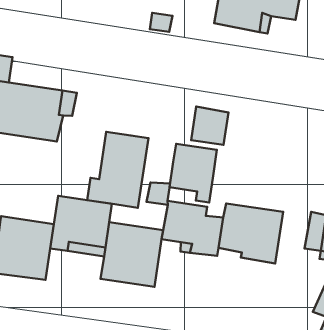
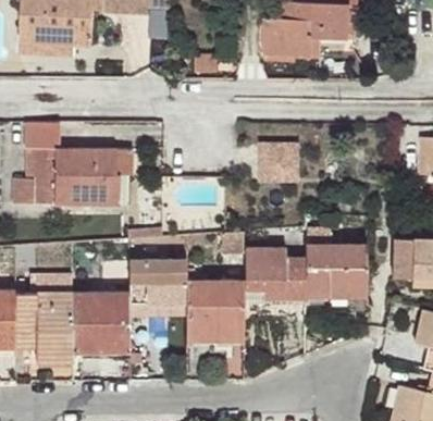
building: [87,132,148,208] -> none
building: [170,144,217,202] -> none

